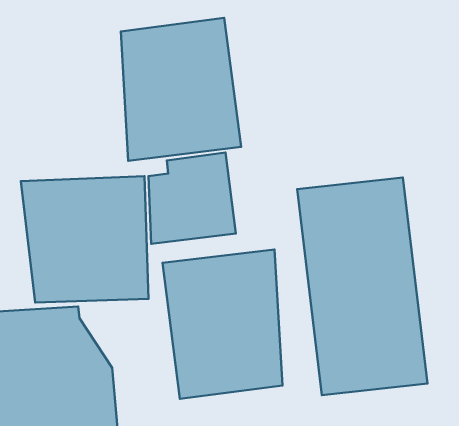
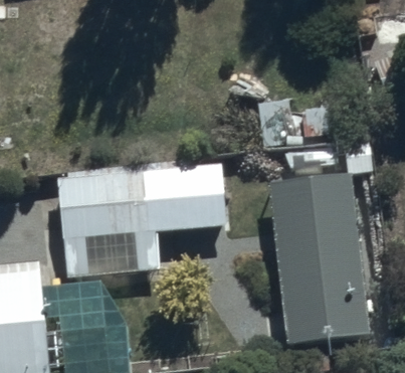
building: [121,18,241,161] -> none
building: [162,249,283,399] -> none

